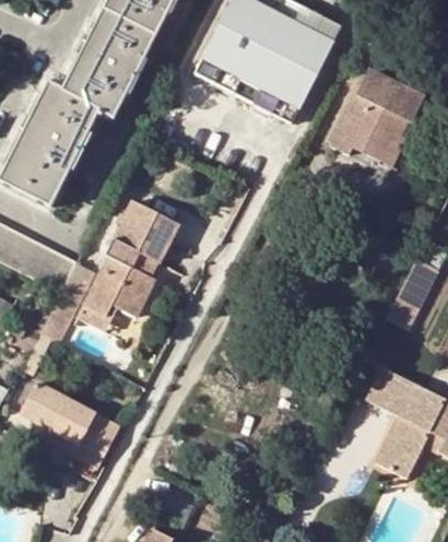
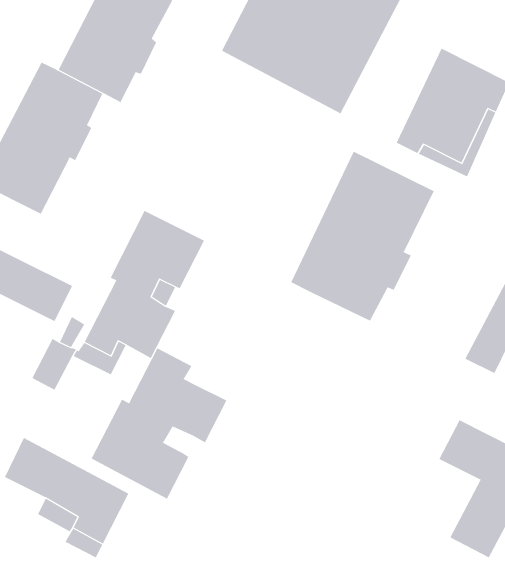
building: none -> [291,151,434,321]
building: none -> [91,347,227,500]

